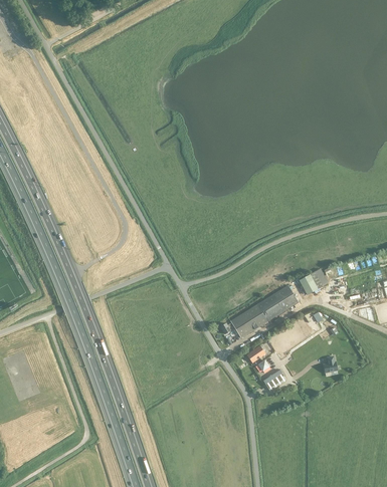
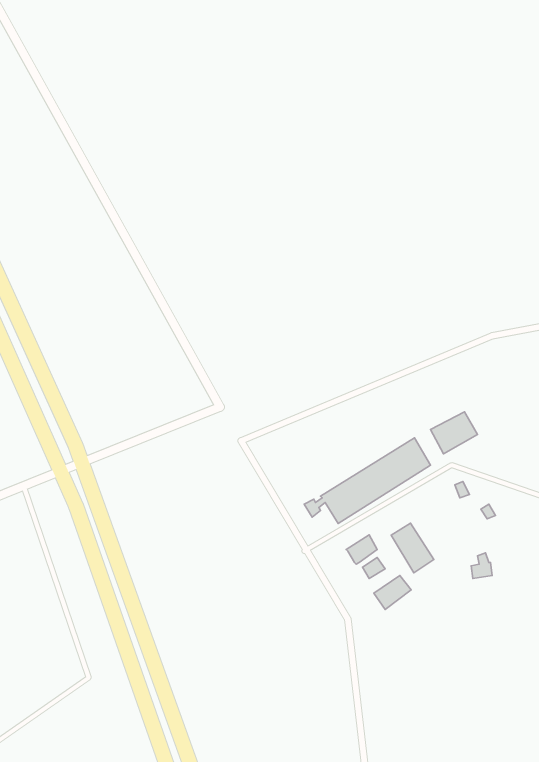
building: none -> [391,523,434,573]

